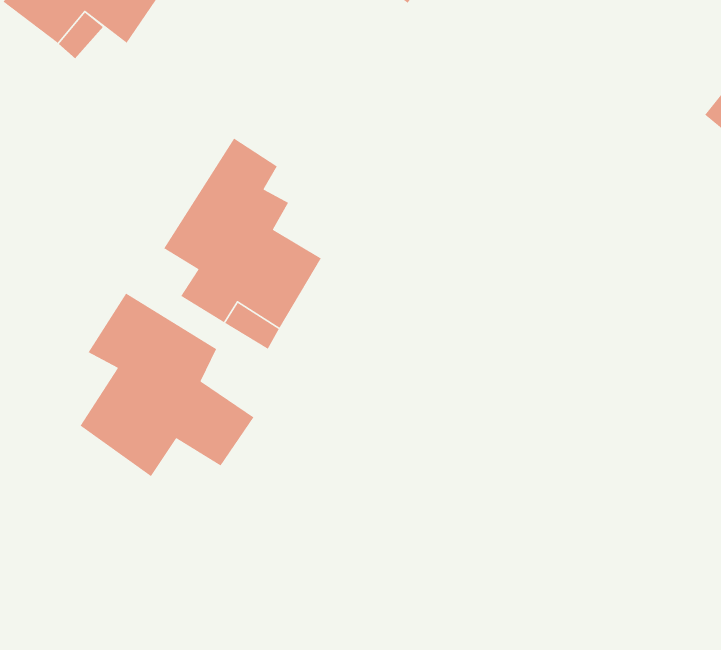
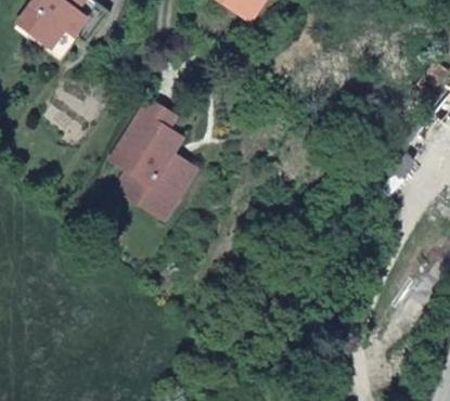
building: [79,292,254,477] -> none

